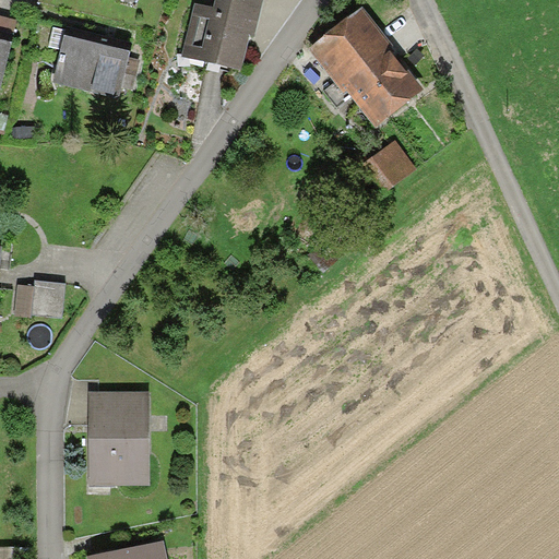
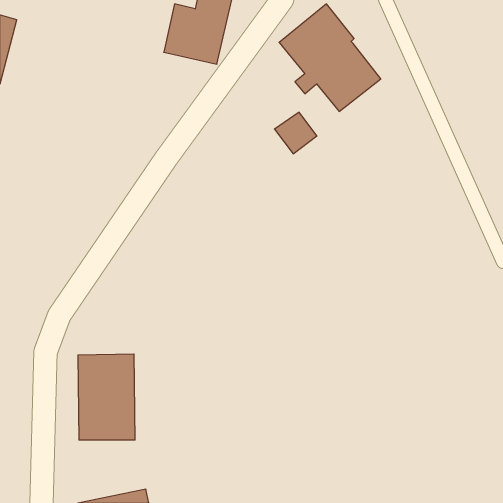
building: [53,26,131,99] -> none
building: [370,140,417,186] -> [274,112,317,154]
building: [13,280,64,318] -> none

